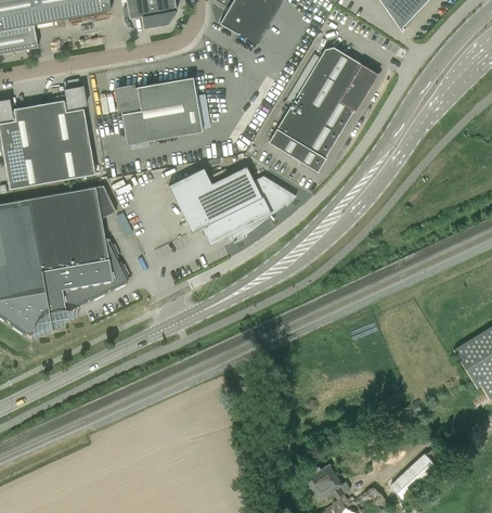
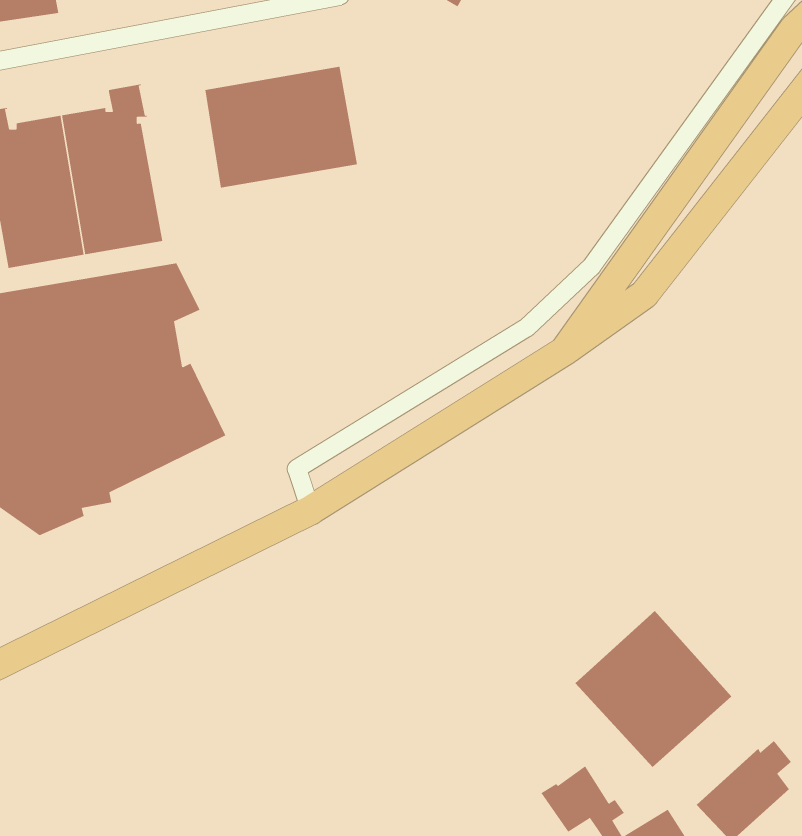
building: [268,47,378,172] -> none
building: [168,166,295,243] -> none
building: none -> [574,610,732,768]

